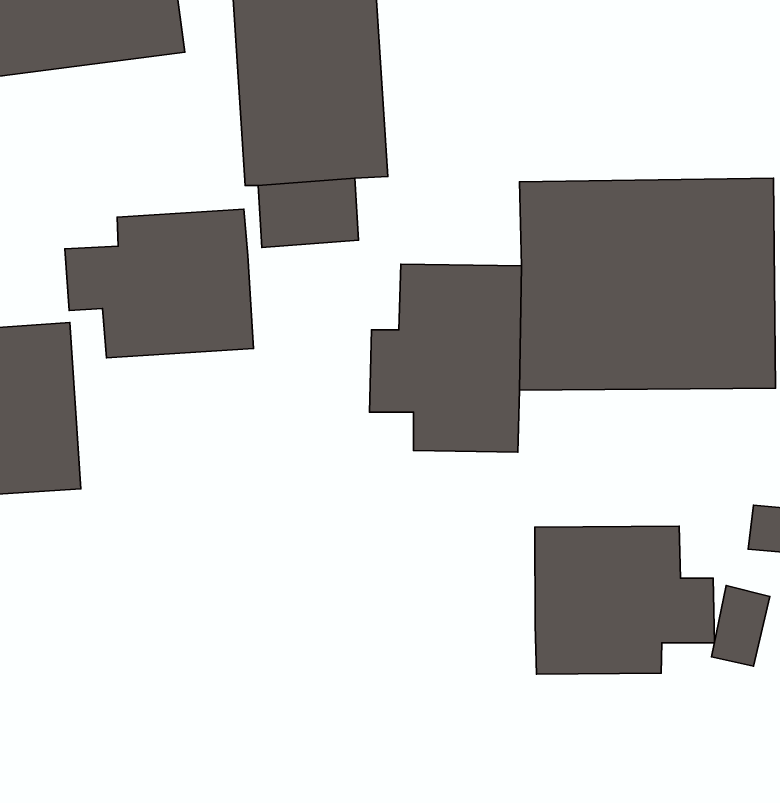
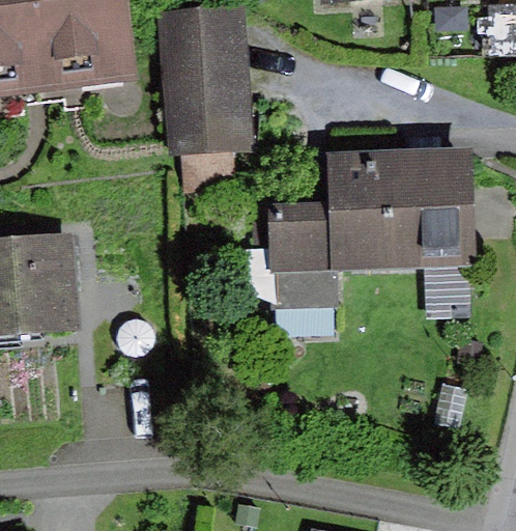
building: [65,209,253,358] -> none
building: [535,526,714,674] -> none

